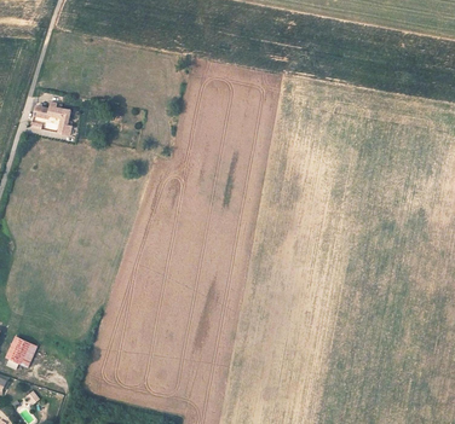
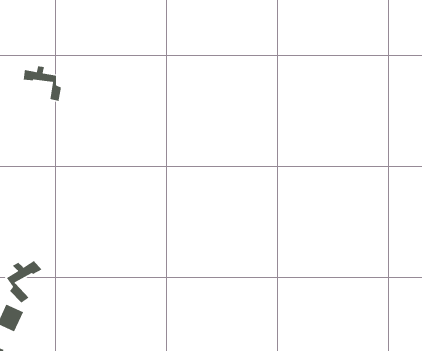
building: none -> [6,260,43,304]

